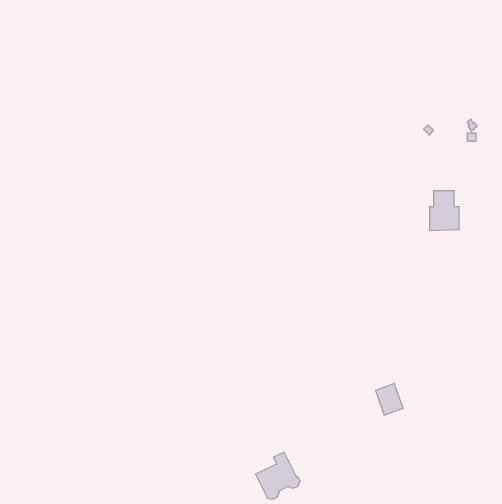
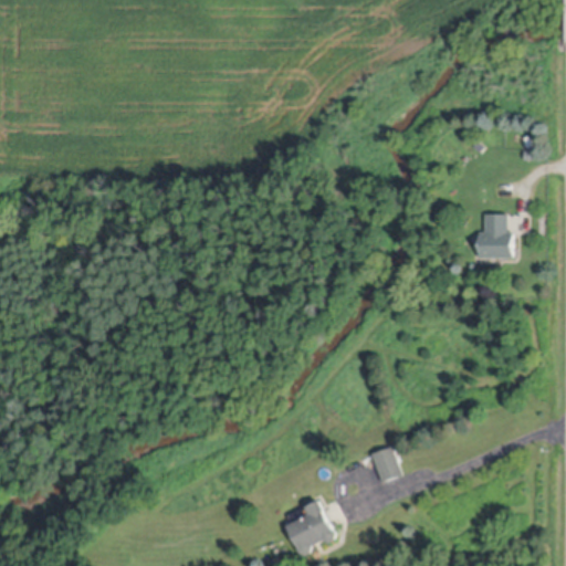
building: [375,383,403,415] -> [369,446,400,481]

